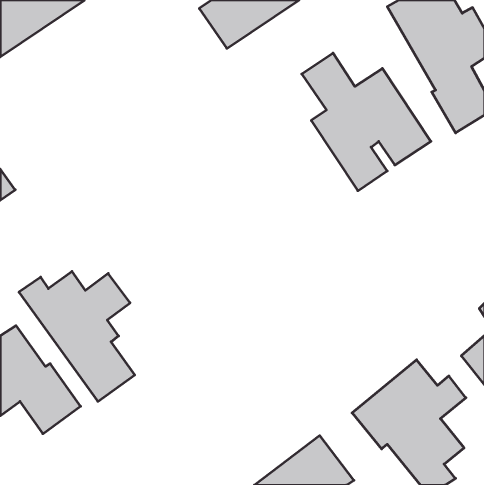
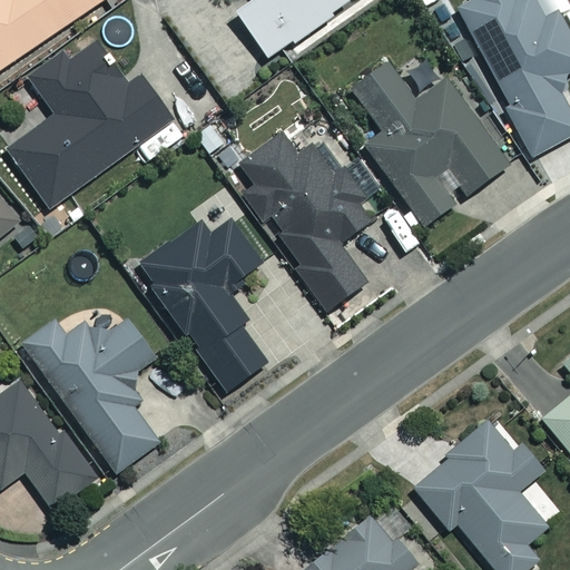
building: none -> [7,42,171,208]
building: none -> [236,135,372,313]
building: none -> [132,219,268,392]

